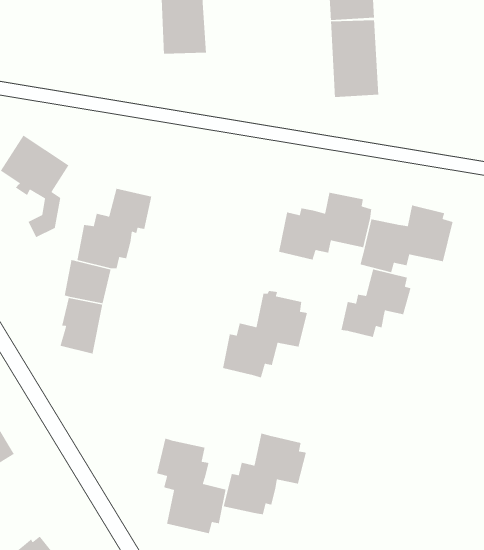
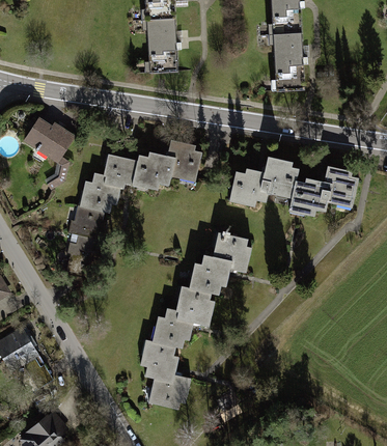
building: none -> [132,140,203,190]
building: [340,269,411,338] -> none
building: [223,433,307,515] -> [153,285,215,346]

